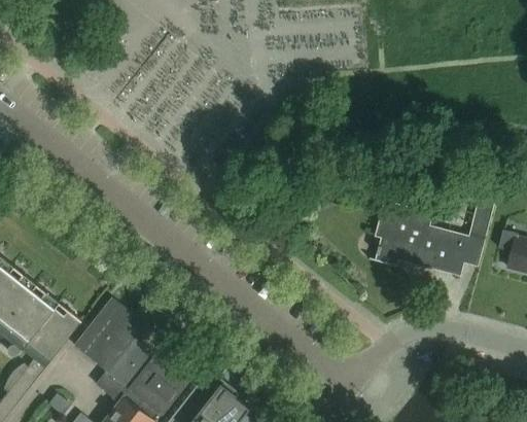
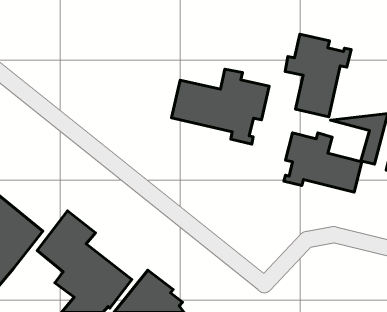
building: none -> [285,34,351,117]
building: none -> [172,69,269,144]

